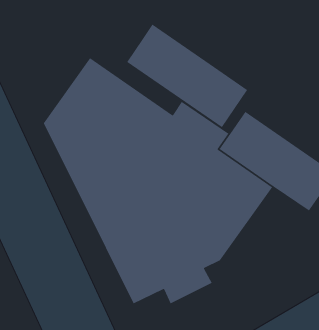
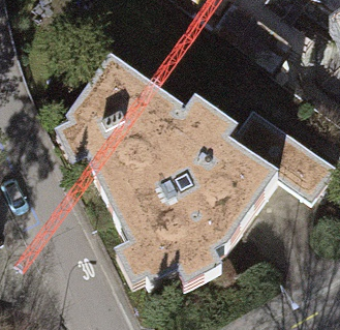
building: [126,24,248,128] -> none

